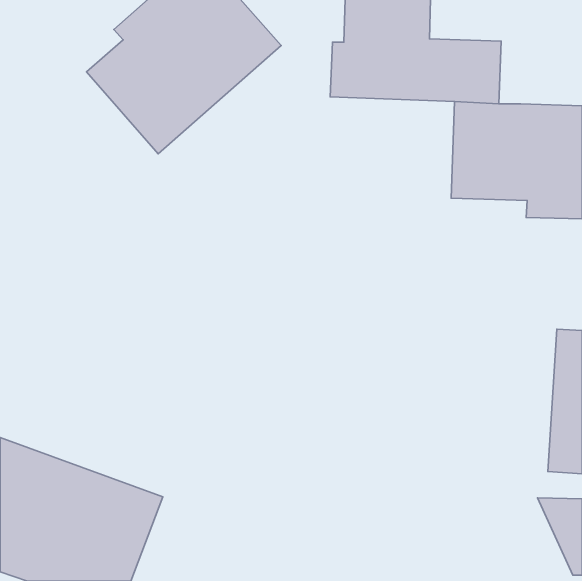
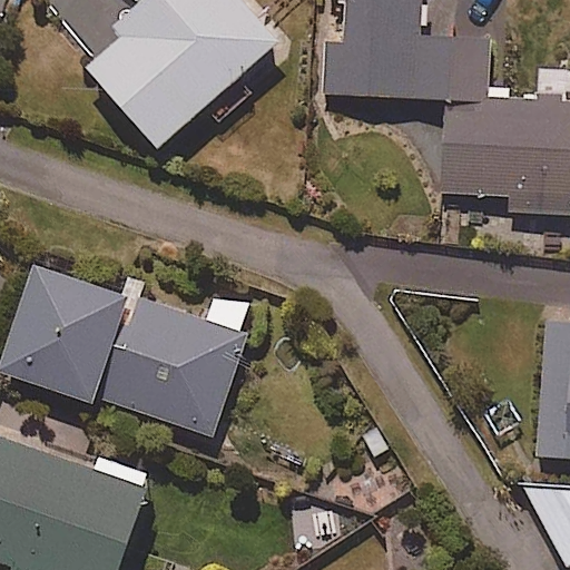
building: none -> [6,263,261,434]

